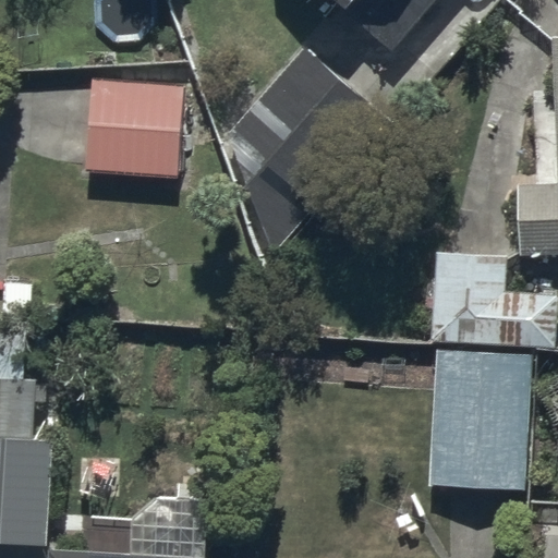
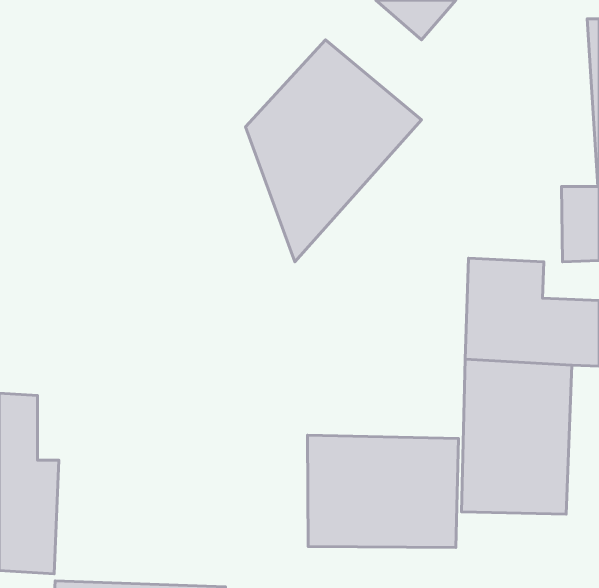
building: [86,77,182,179] -> none
building: none -> [307,435,458,547]

